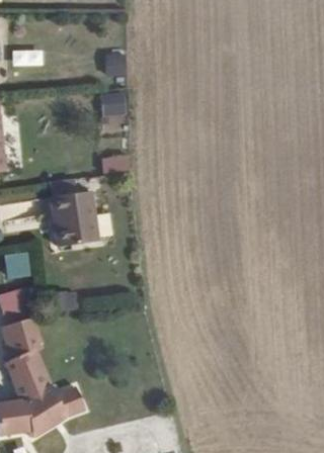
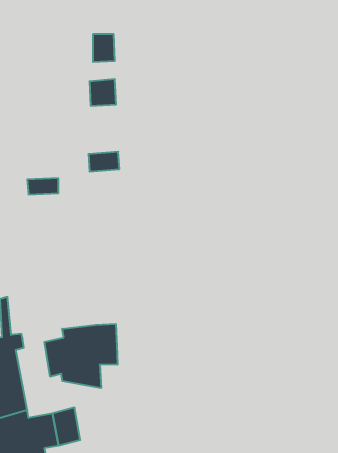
building: [55,193,101,250] -> none
building: none -> [45,324,117,388]

